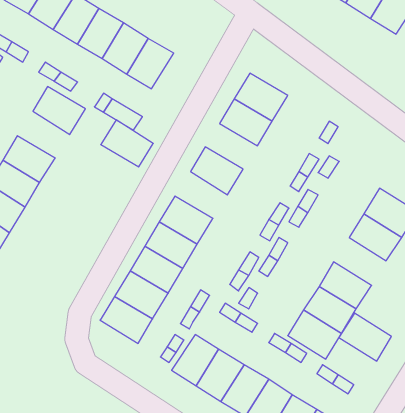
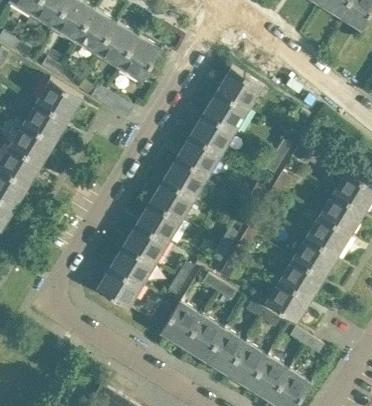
building: [101,120,153,167] -> [22,101,69,143]
building: none -> [190,112,237,153]
building: none -> [163,155,210,197]
building: [339,313,391,361] -> [305,214,352,257]

